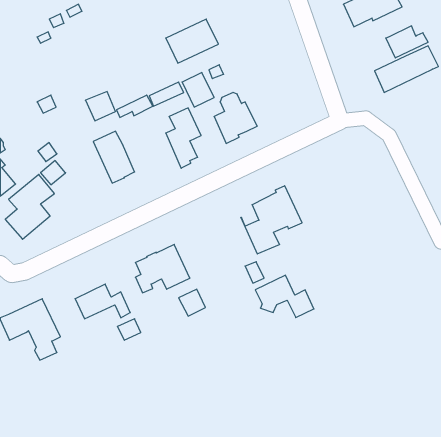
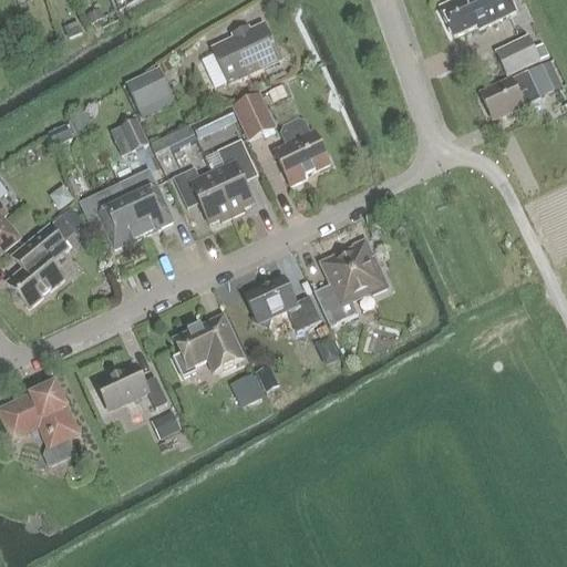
building: none -> [125,65,177,118]
building: none -> [173,166,233,223]
building: none -> [80,182,144,248]
building: [255,275,314,318] -> [245,276,320,330]

